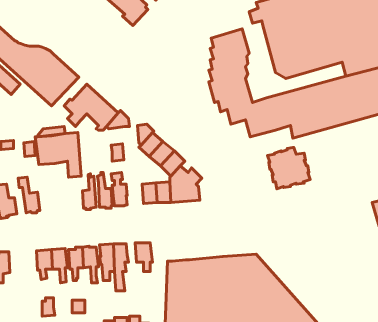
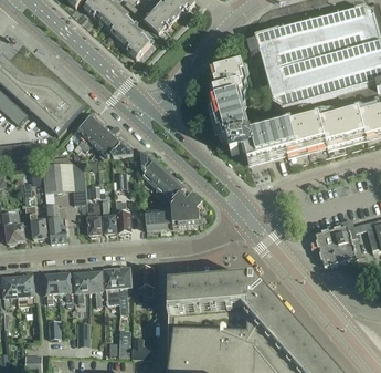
building: [268,147,310,189] -> [315,224,356,263]
building: none -> [47,203,67,239]
building: none -> [17,272,35,302]

